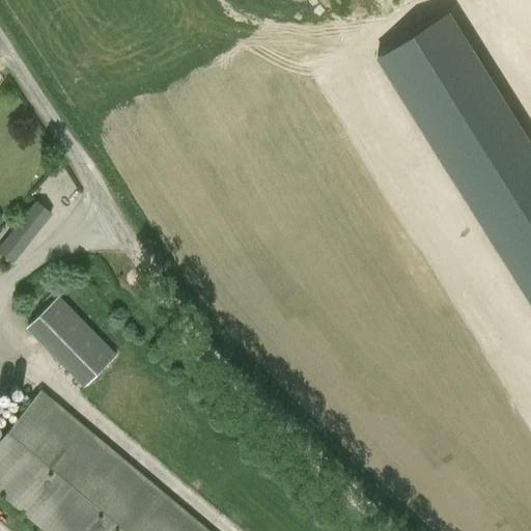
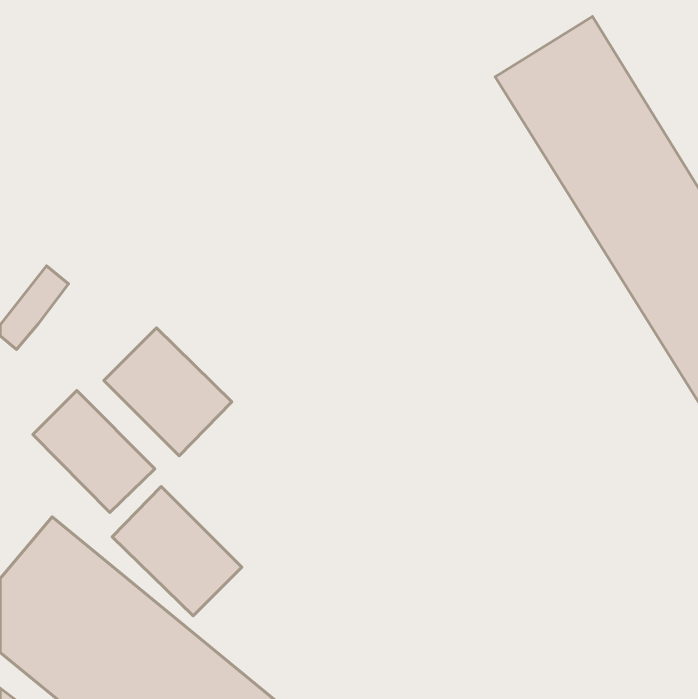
building: none -> [104,328,232,456]
building: none -> [112,487,242,616]

